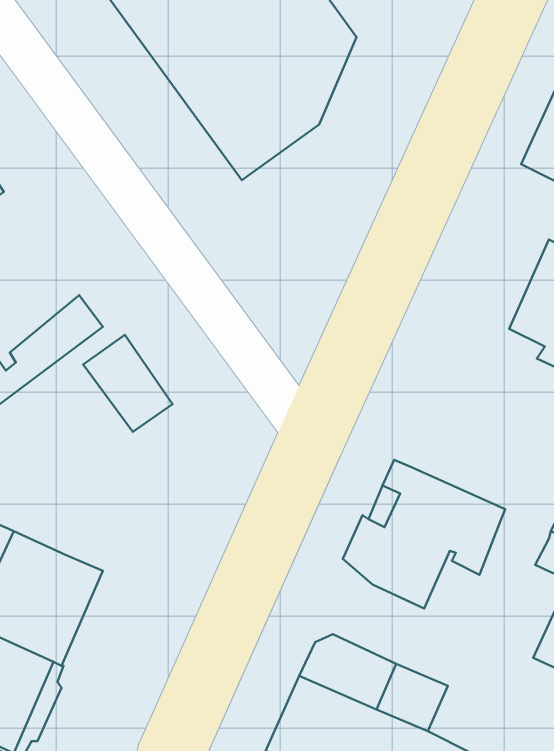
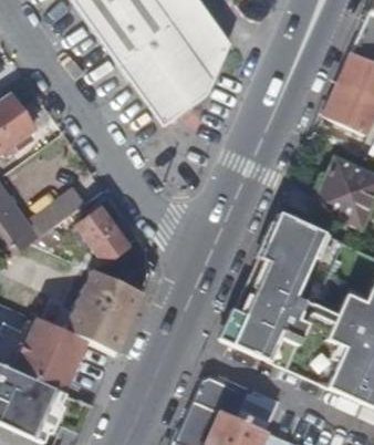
building: none -> [251,213,323,306]
building: none -> [67,270,146,353]

